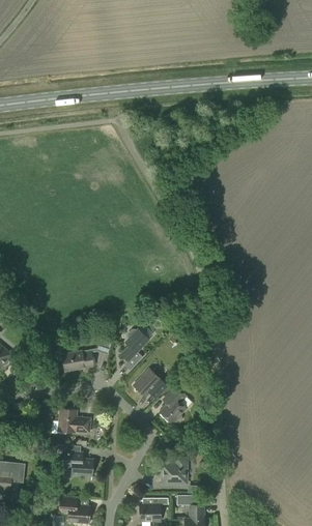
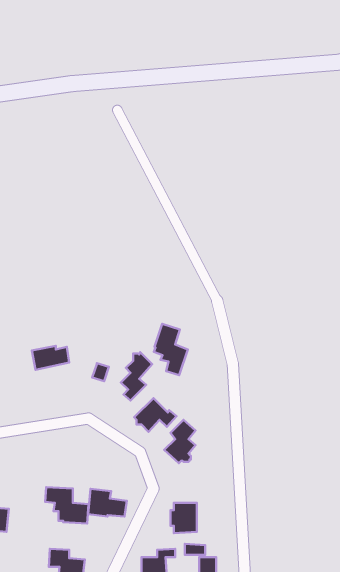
building: none -> [154,324,188,375]
building: [61,350,93,371] -> [32,346,69,370]
building: [58,408,91,432] -> [88,489,127,516]

